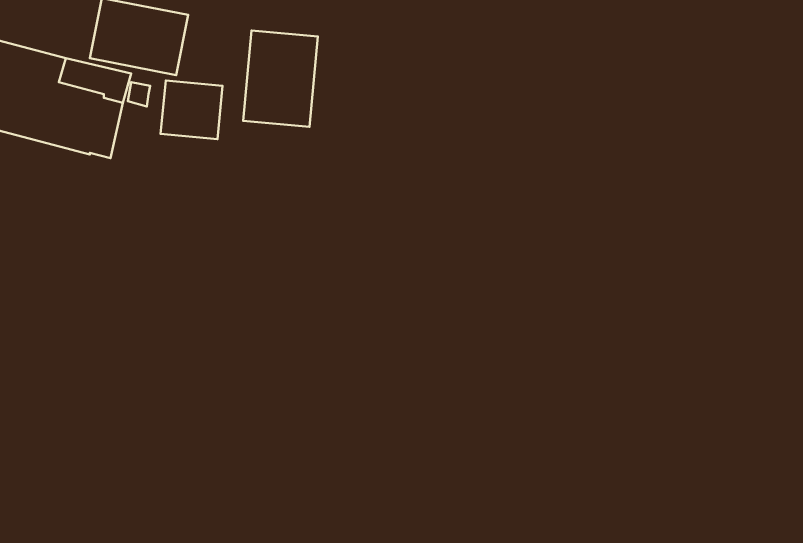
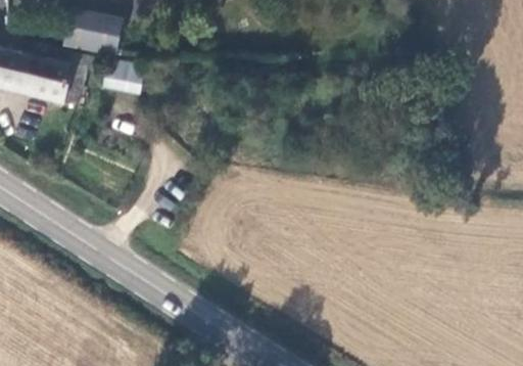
building: [243,31,318,127] -> none

